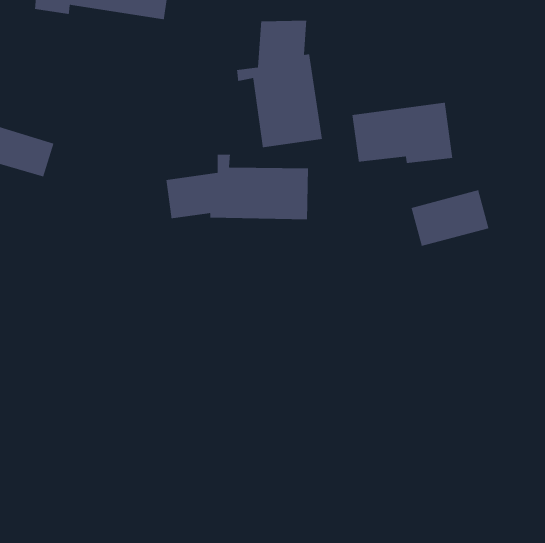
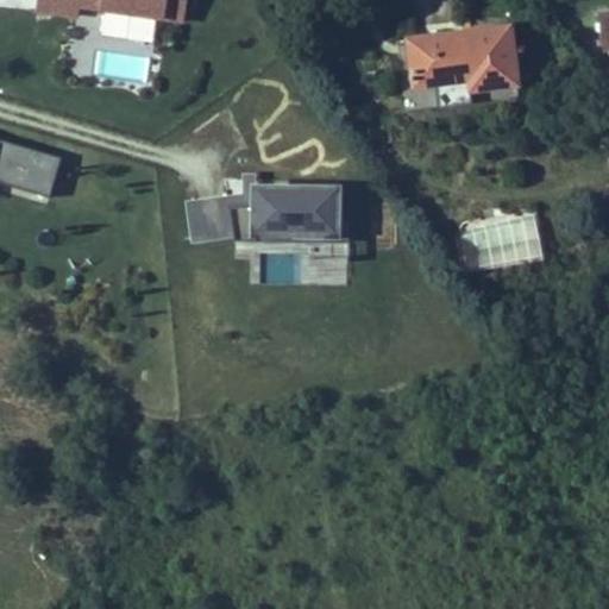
building: [236,20,323,148] -> none
building: [352,102,453,164] -> [404,23,517,92]

